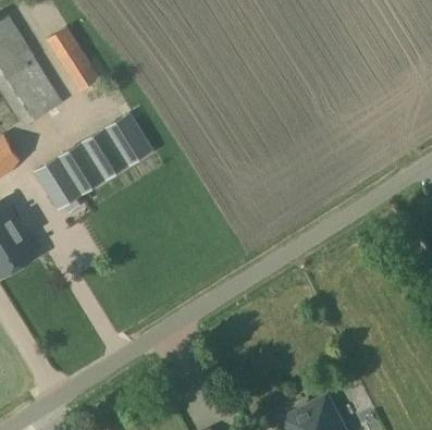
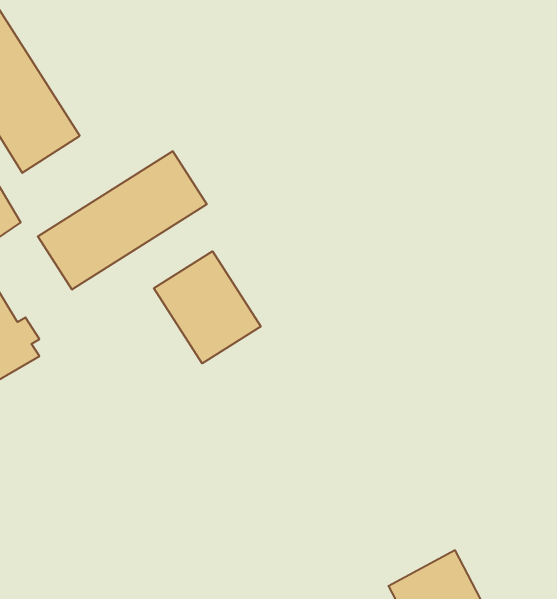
building: [45,26,99,98] -> none
building: none -> [154,251,261,363]

